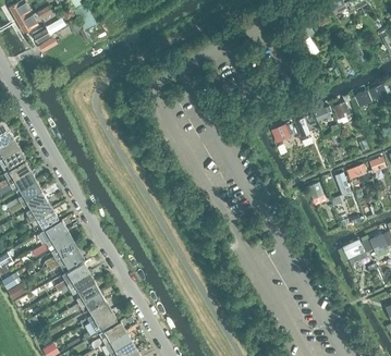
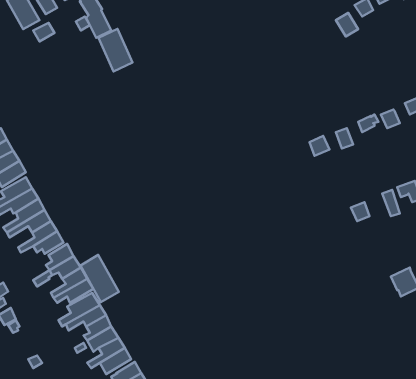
building: none -> [98,29,132,71]
building: none -> [80,255,119,302]

